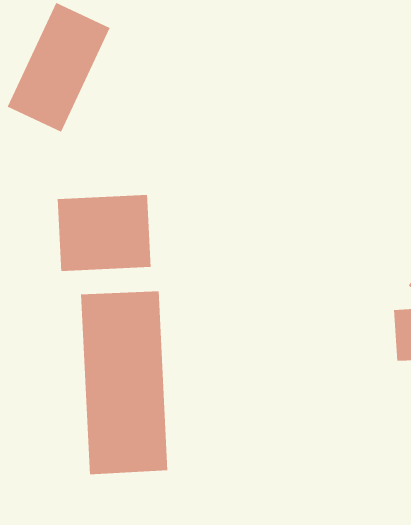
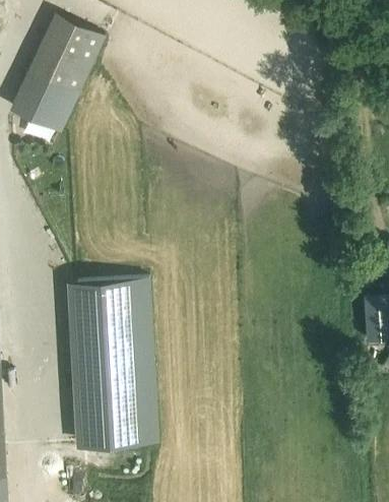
building: [57,194,151,272] -> none

